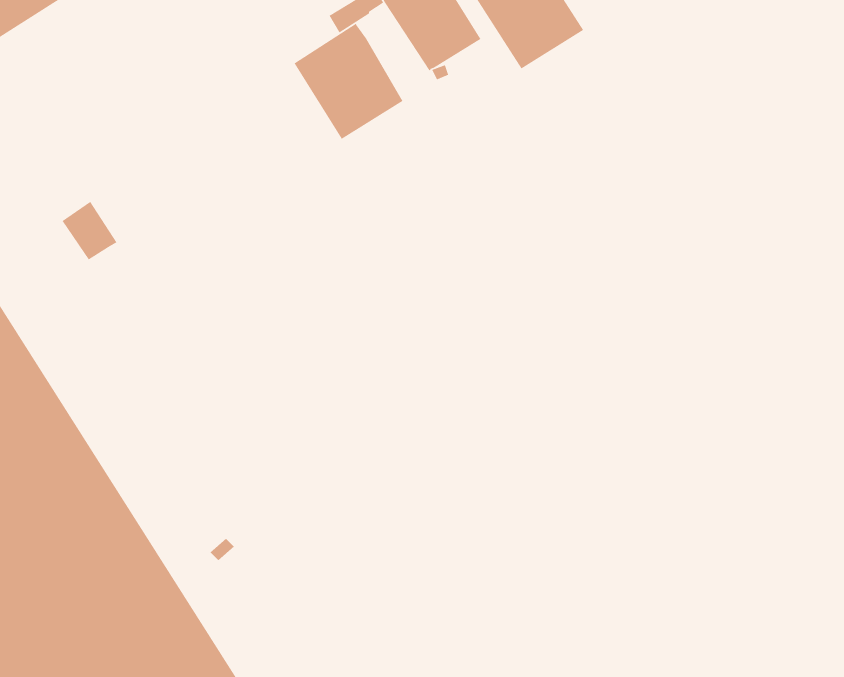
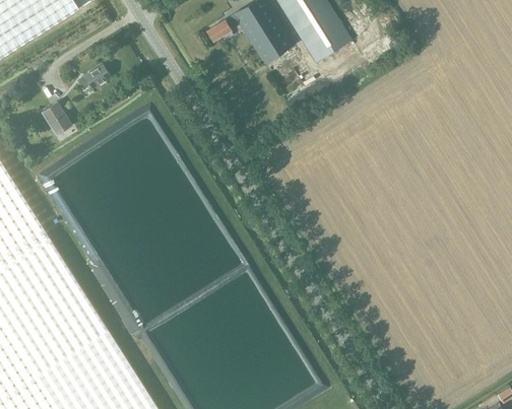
building: [293,22,403,140] -> none
building: none -> [78,65,111,91]
building: [62,201,117,260] -> [41,100,72,134]

